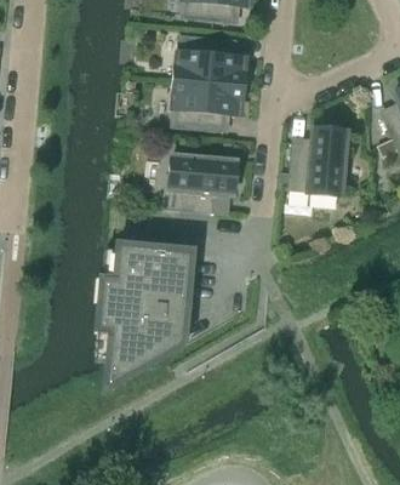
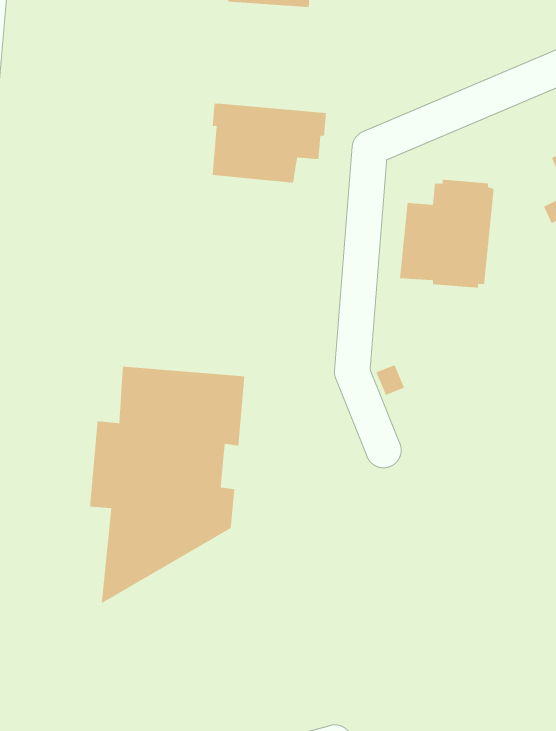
building: [173,35,245,86] -> none
building: [168,154,236,212] -> none

